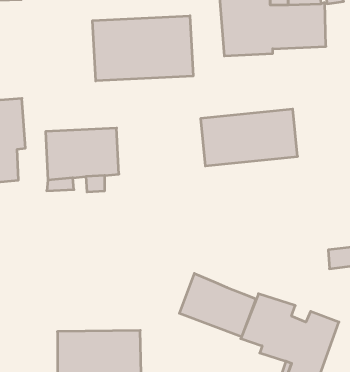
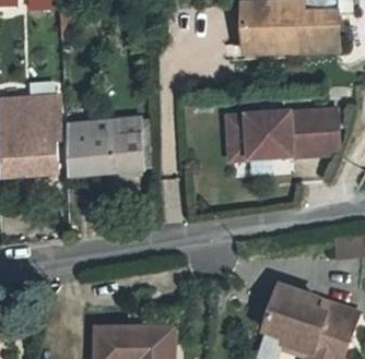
building: [93,16,193,81] -> none
building: none -> [308,106,337,152]
building: [179,273,256,337] -> none

